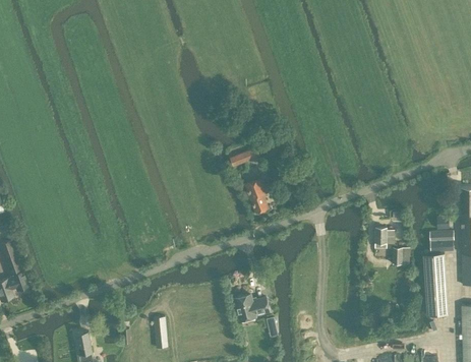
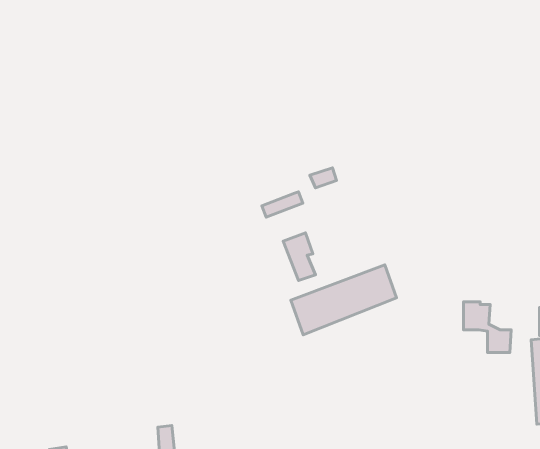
building: none -> [291,265,397,335]
building: [234,295,269,320] -> none

